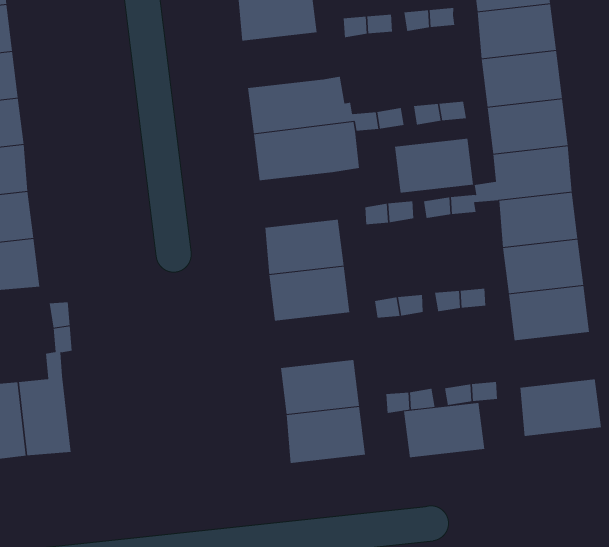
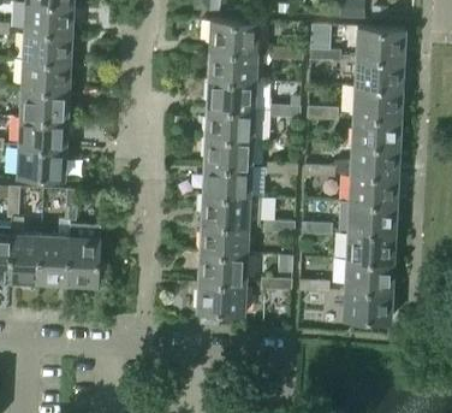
building: none -> [209,52,257,83]
building: [394,138,474,193] -> [206,138,252,170]
building: none -> [201,225,249,256]
building: none -> [66,226,100,285]
building: [403,403,485,458] -> [344,261,392,293]

